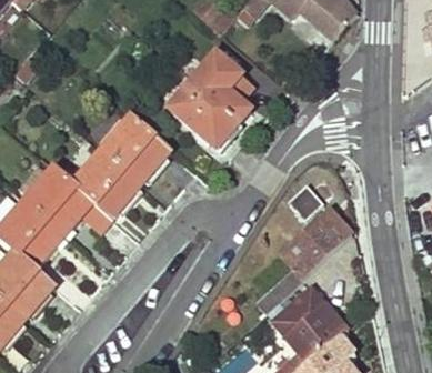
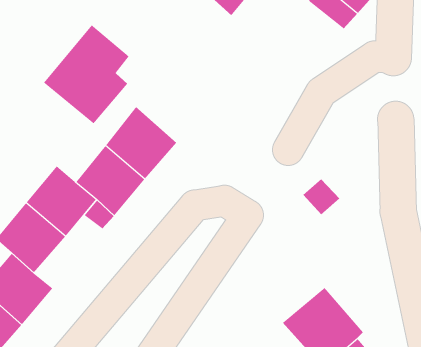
building: [170,54,251,148] -> [43,25,129,124]
building: [255,209,351,313] -> none

